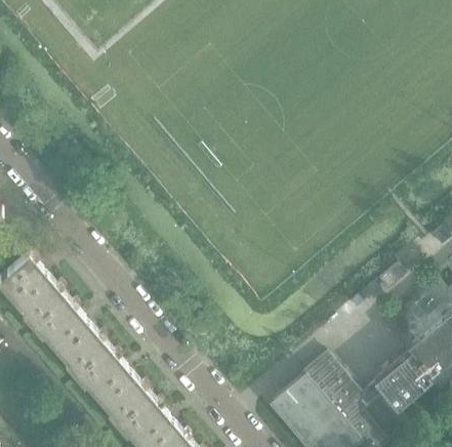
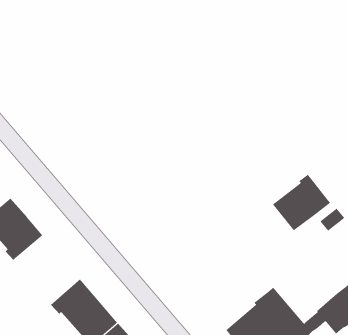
building: none -> [272,174,331,231]
building: [32,300,108,379] -> none

